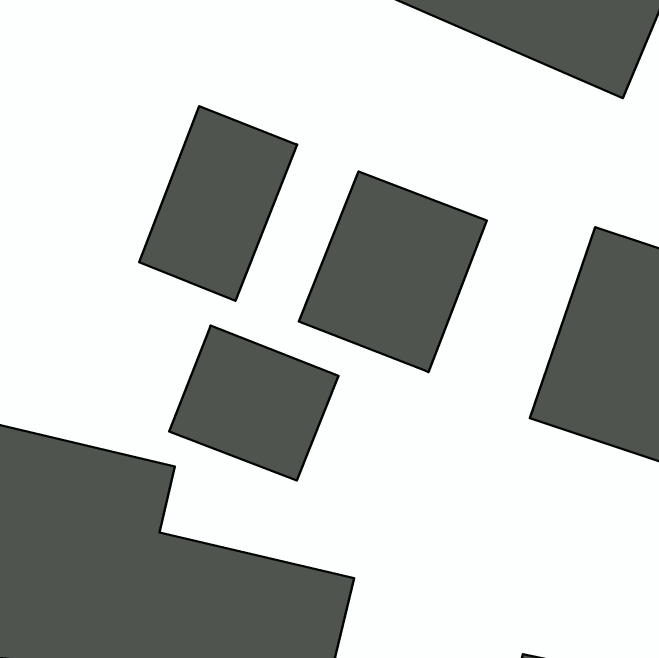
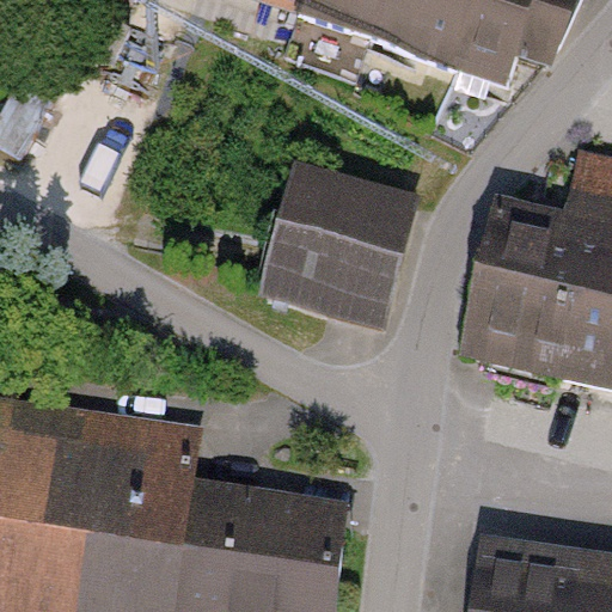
building: [139,106,297,301] -> none
building: [169,325,339,480] -> none

